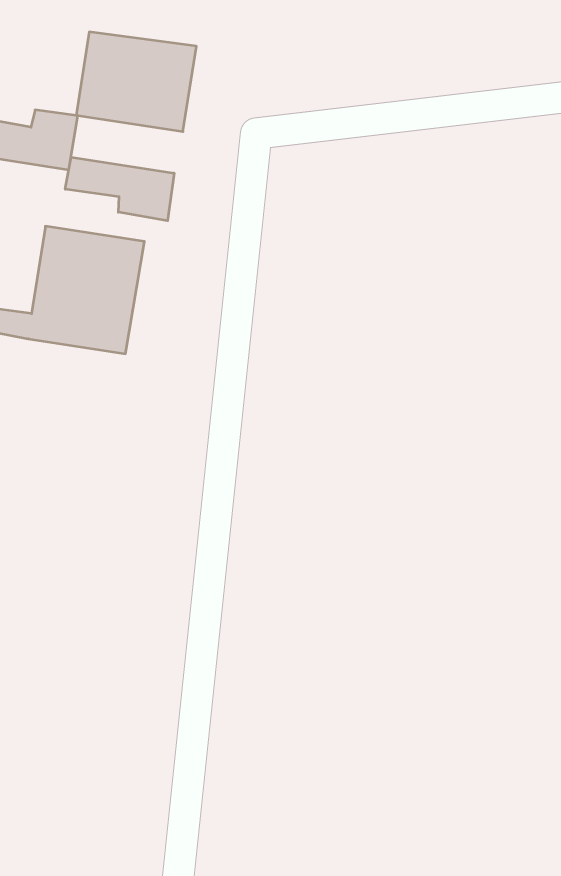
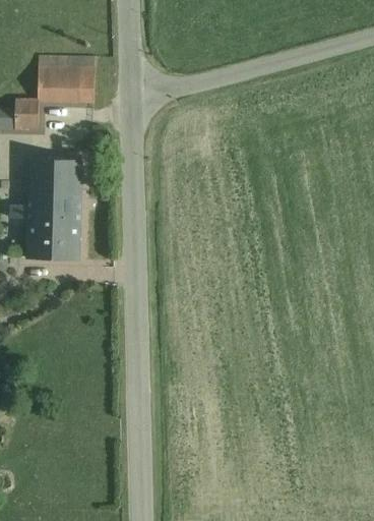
building: [65,157,174,221] -> none
building: none -> [41,219,92,260]

